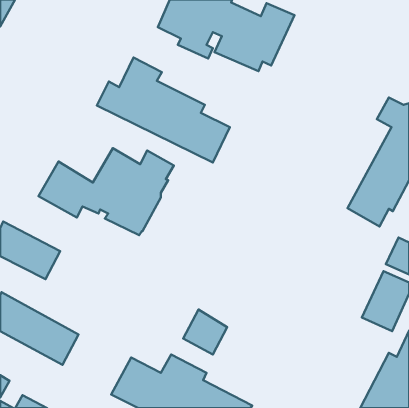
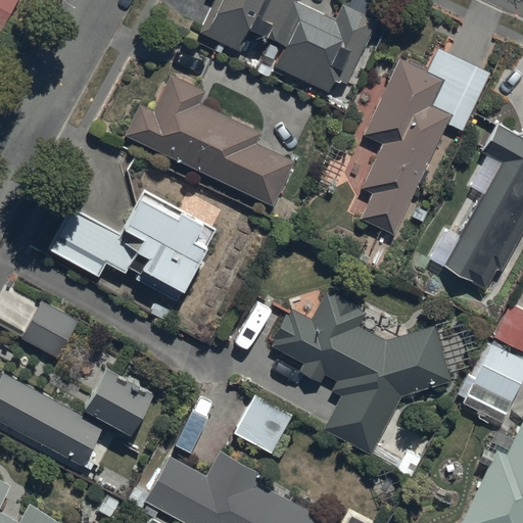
building: none -> [361,48,489,234]
building: none -> [271,293,451,455]
building: none -> [83,370,151,435]

